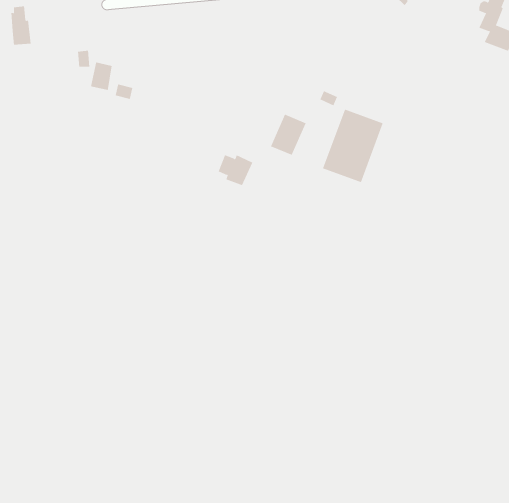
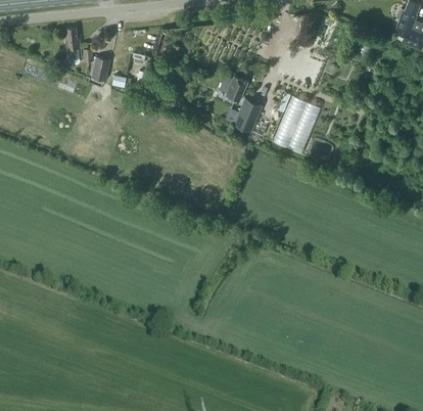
building: [11,6,32,45] -> [64,28,81,58]
building: [218,155,253,186] -> [219,76,246,100]

